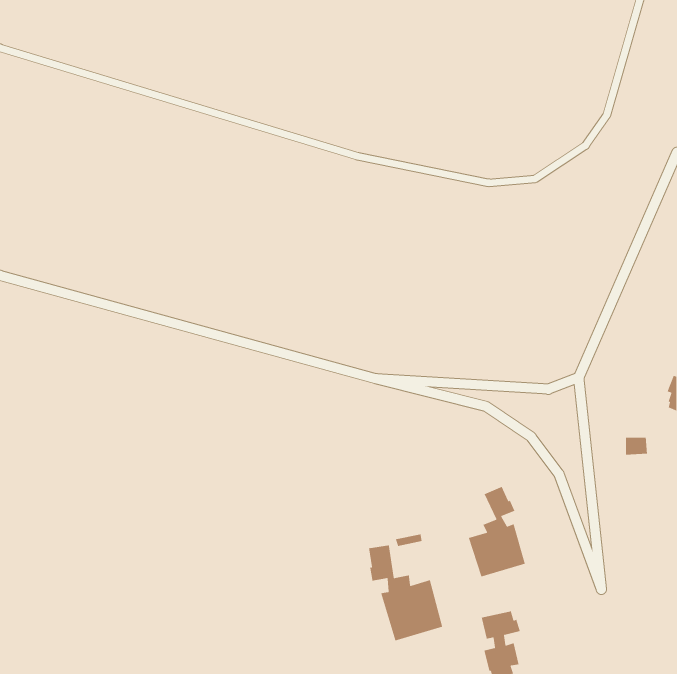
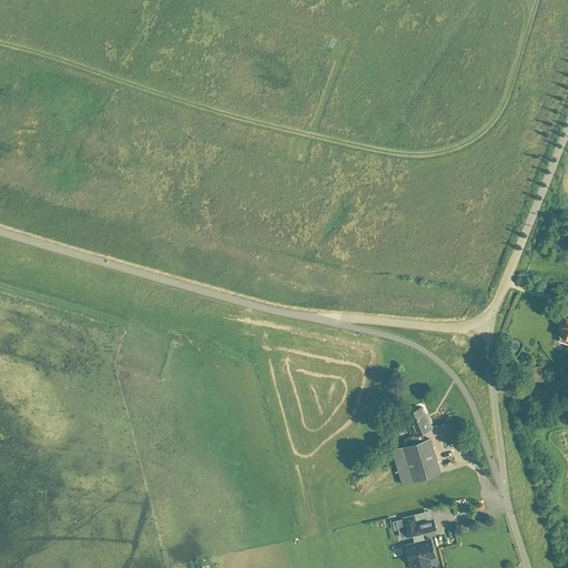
building: [368,545,443,641] -> none

